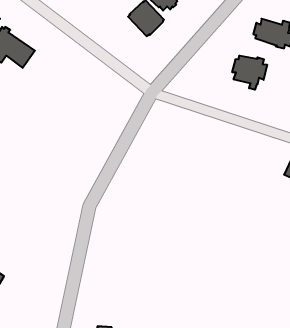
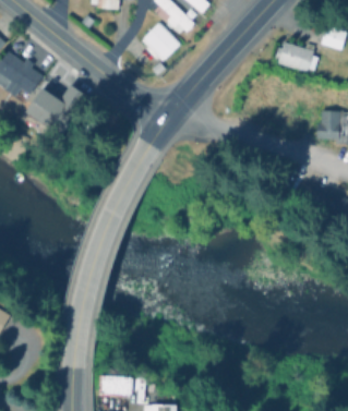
building: [232,56,267,90] -> none
building: none -> [25,85,84,135]

